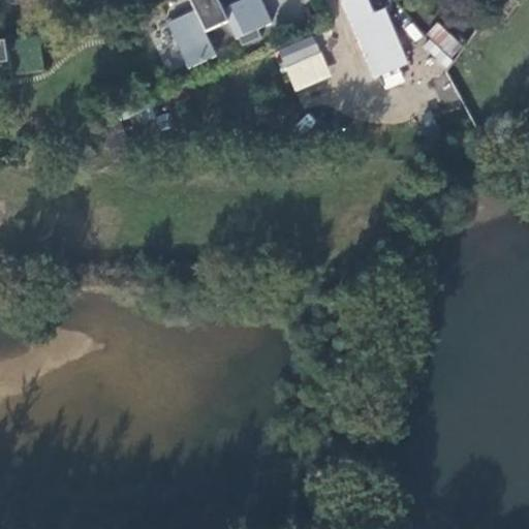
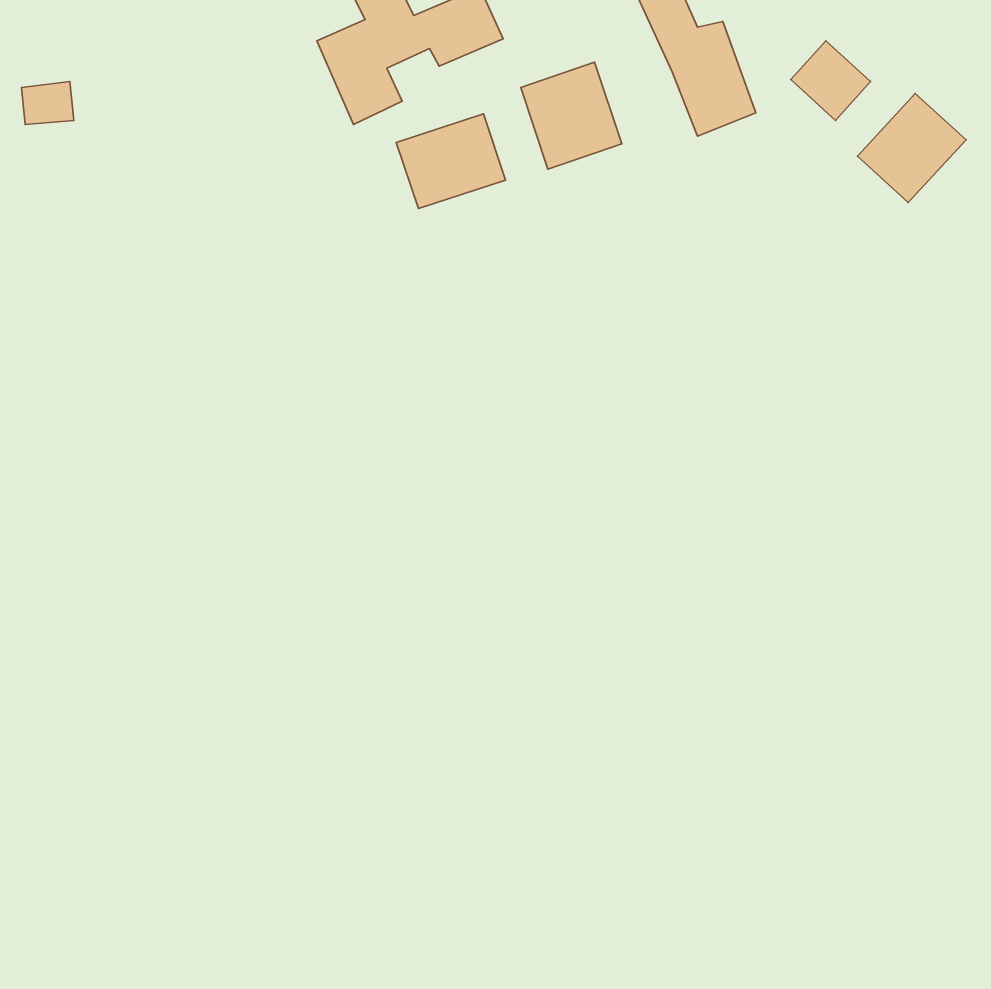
building: none -> [857,93,966,202]
building: none -> [396,114,506,209]

